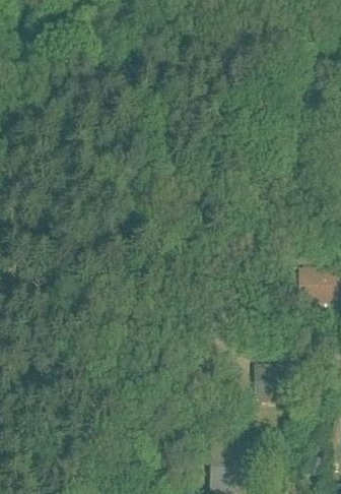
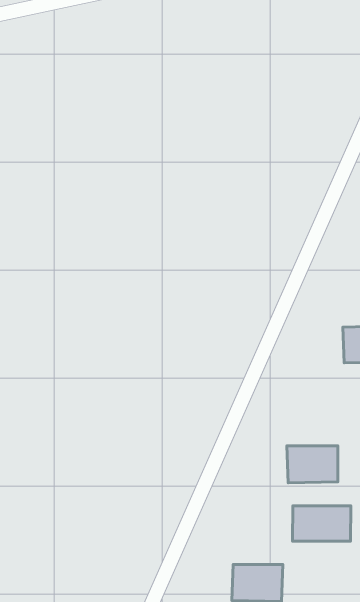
building: none -> [292,506,351,541]

